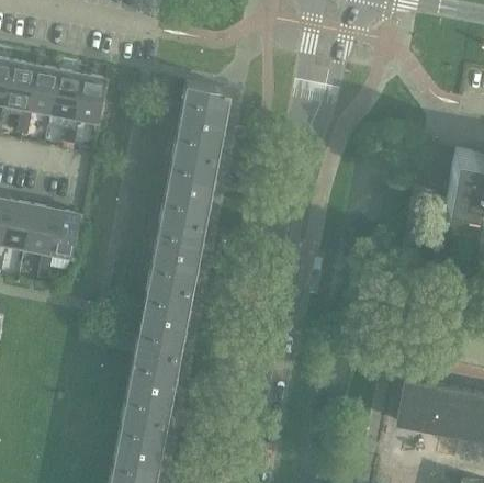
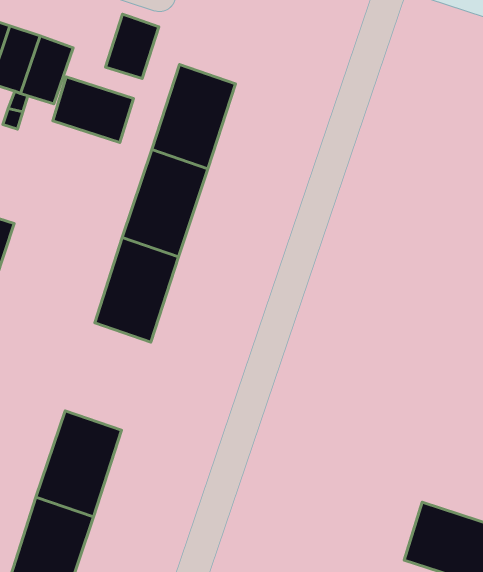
building: none -> [105,14,159,79]
building: none -> [53,77,133,143]
building: [136,282,192,358] -> none

